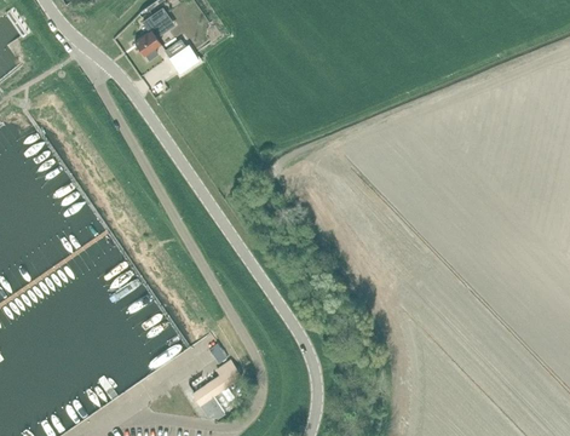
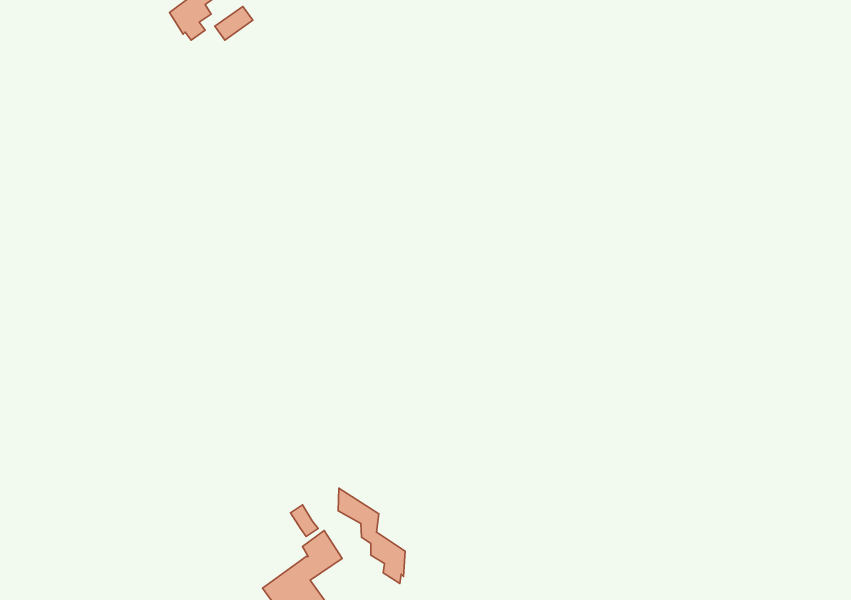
building: none -> [338,488,405,583]

